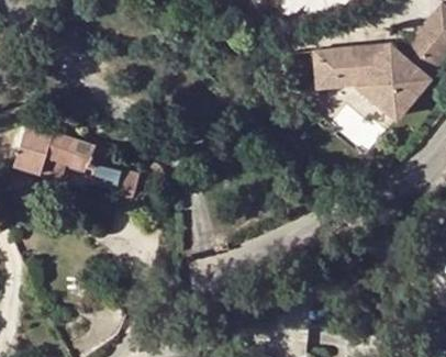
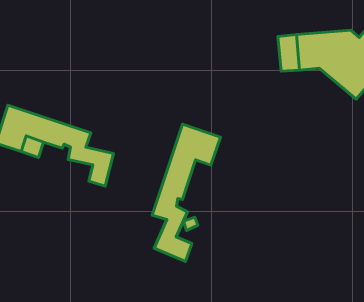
building: none -> [152,124,220,261]

